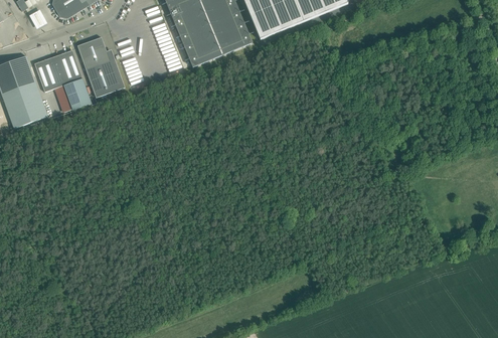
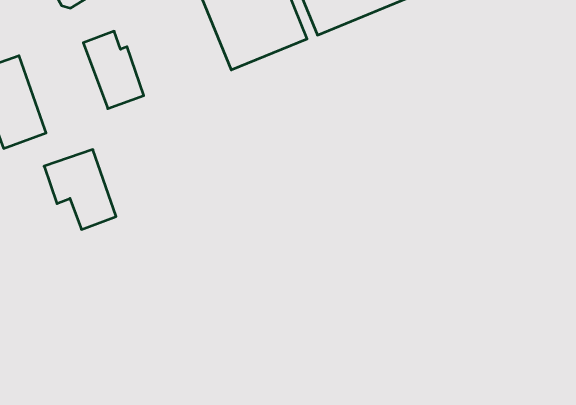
building: [34,49,91,112] -> [44,150,116,229]

